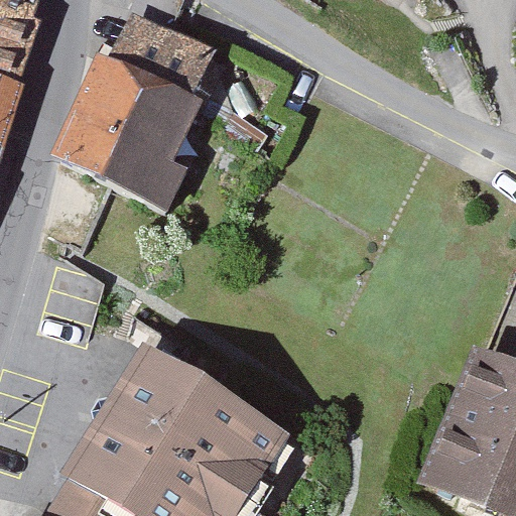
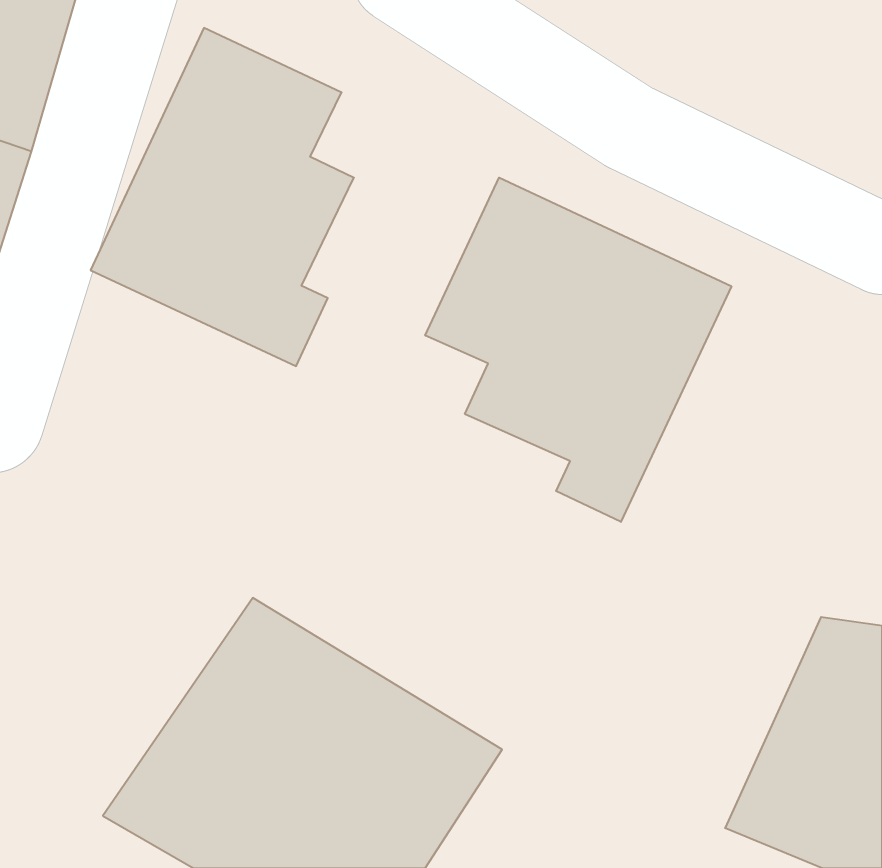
building: none -> [425,178,731,522]

